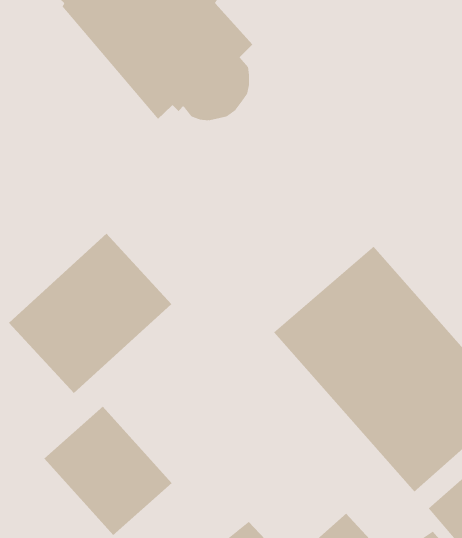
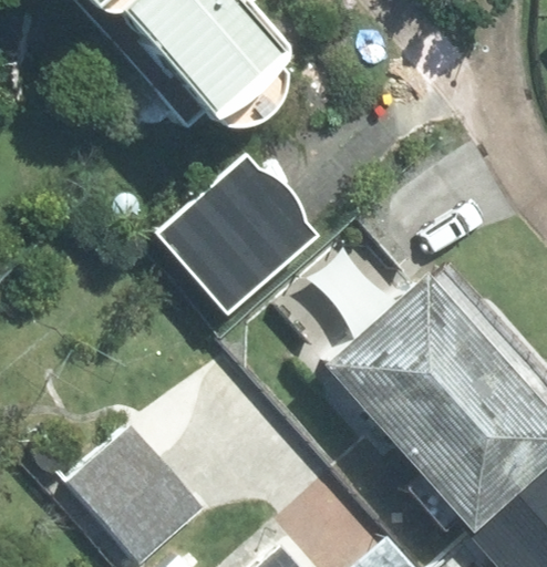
building: none -> [156,152,318,313]
building: [8,233,172,394] -> none

